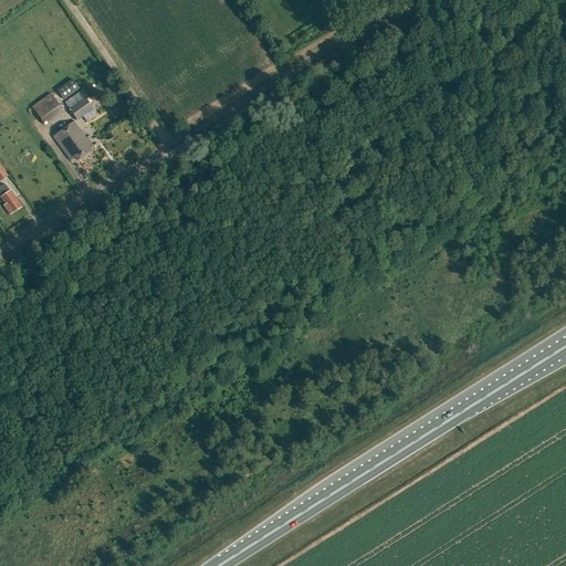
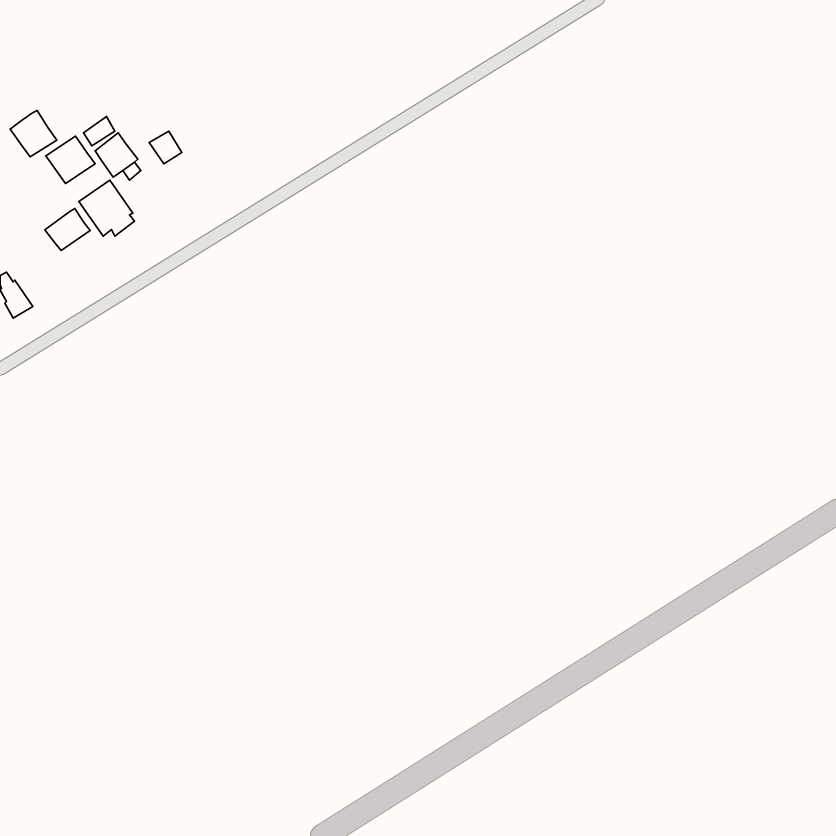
building: none -> [10,111,57,157]
building: none -> [45,209,90,250]

